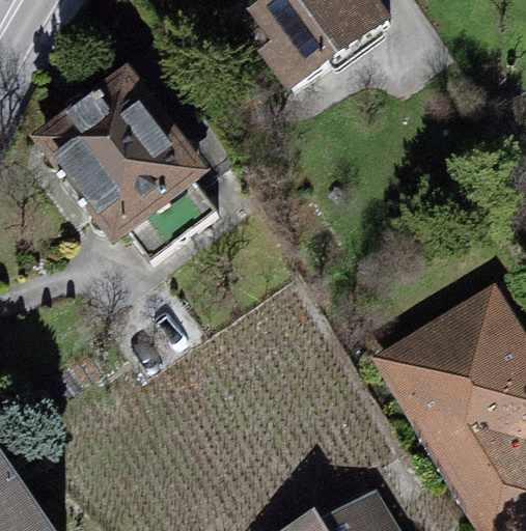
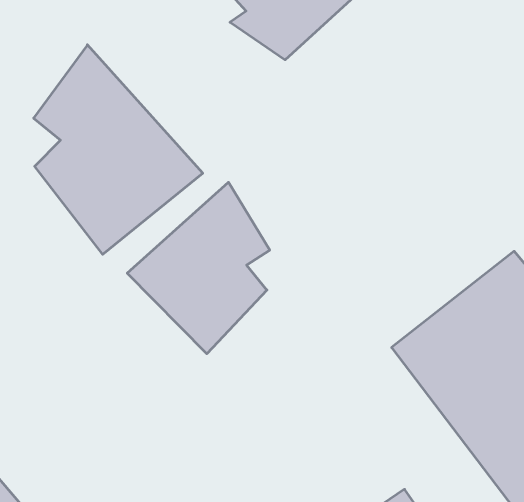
building: none -> [127,182,270,354]

